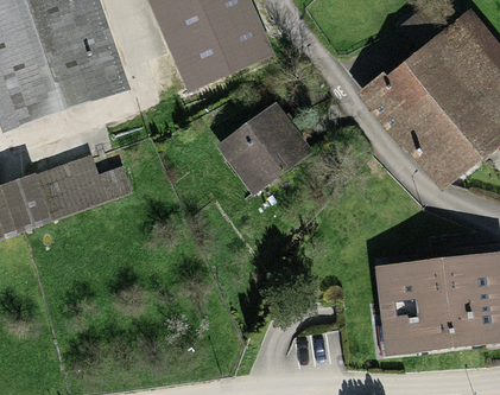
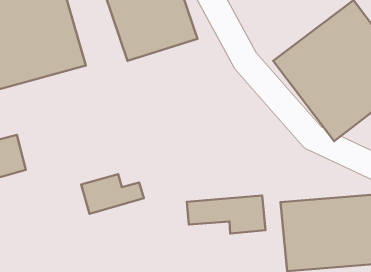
building: [221,100,314,192] -> none
building: [51,154,132,205] -> [81,174,144,214]
building: none -> [187,196,266,234]

